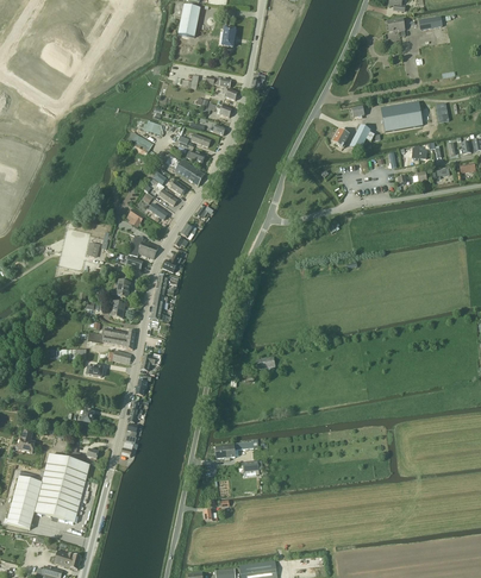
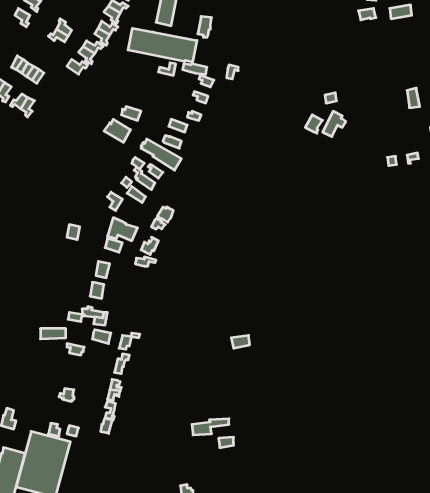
building: none -> [128,28,197,62]
building: [380,101,421,131] -> none

